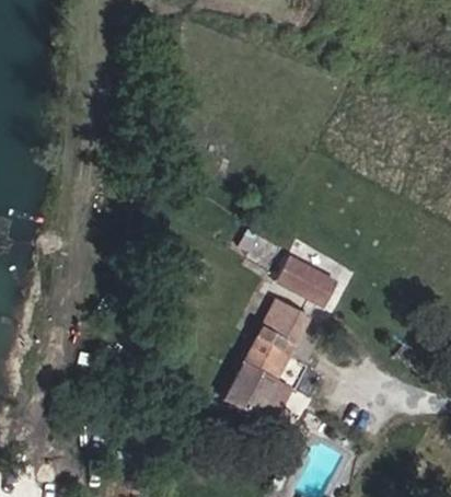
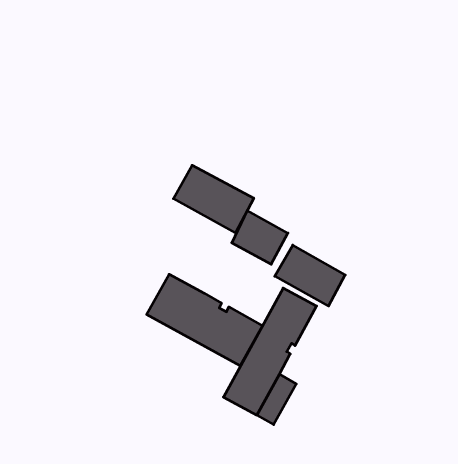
building: none -> [173,165,254,233]
building: none -> [147,274,263,366]

